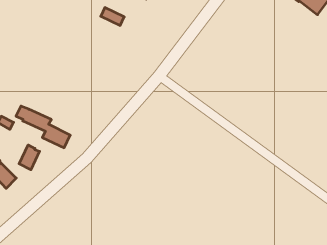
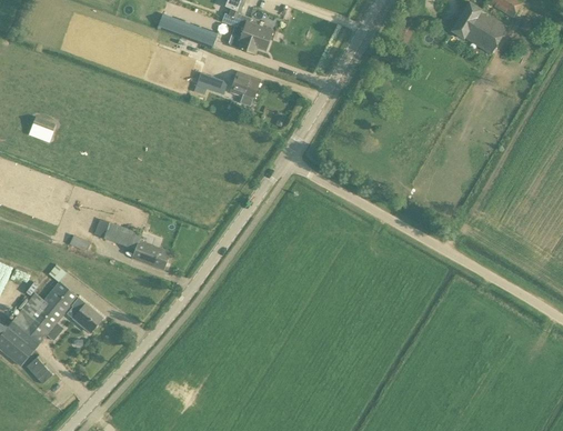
building: none -> [229,70,260,106]
building: [19,145,40,170] -> none

